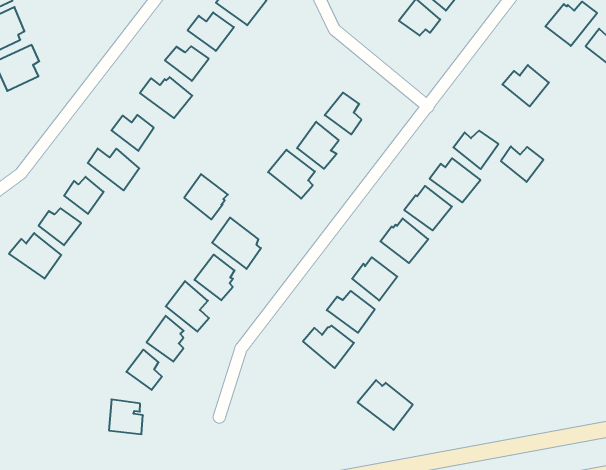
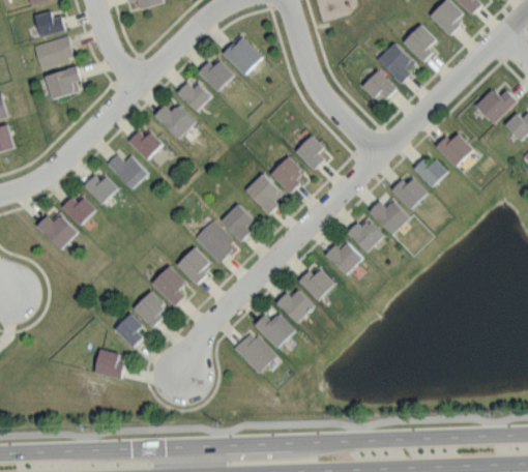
building: [501,146,543,182] -> [414,157,447,186]
building: [184,174,228,219] -> [222,204,256,240]
building: [358,380,413,430] -> [233,332,275,373]

